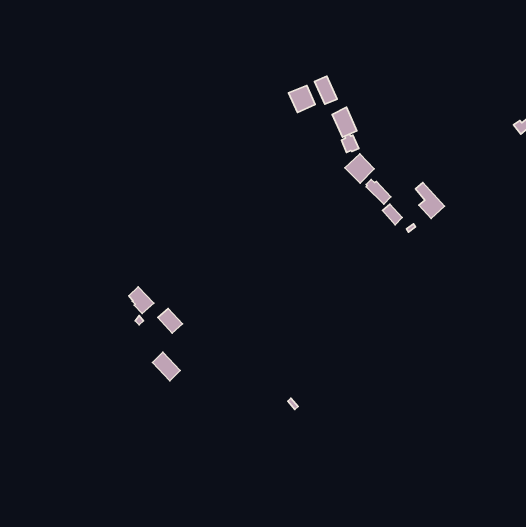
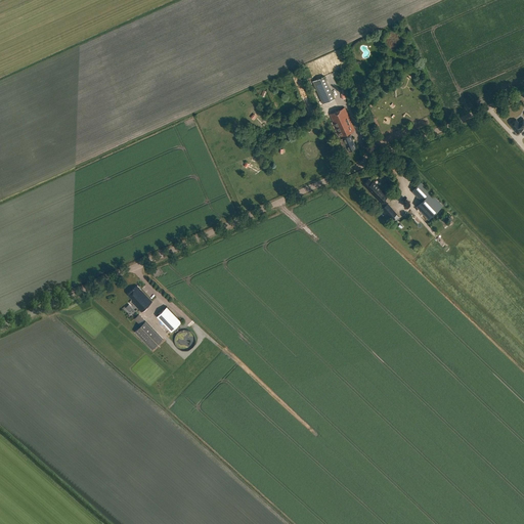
building: [289,85,315,112] -> none
building: [345,154,374,183] -> none
building: [152,352,180,381] -> [135,320,163,349]

